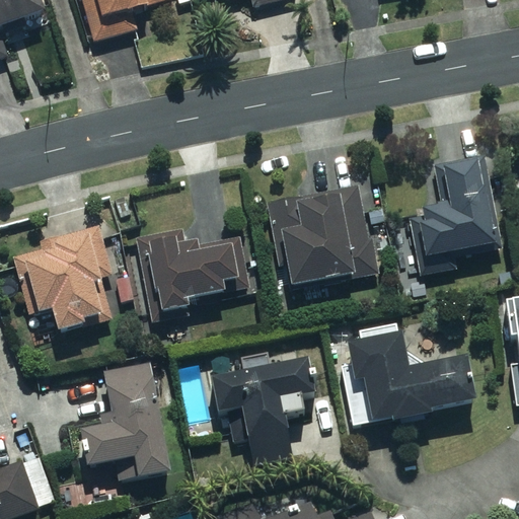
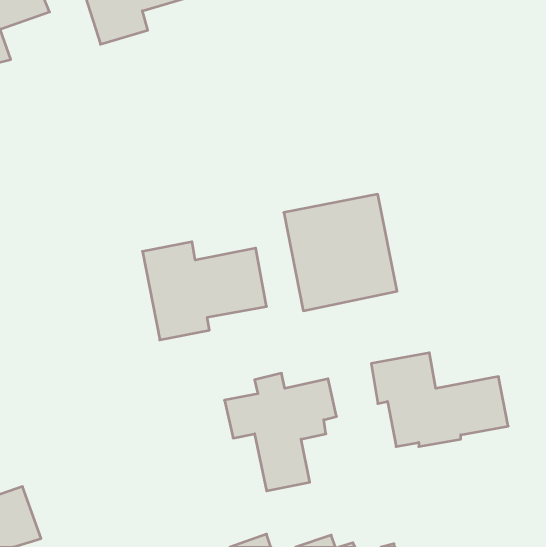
building: [407,153,500,273] -> none
building: [12,223,112,331] -> none
building: [79,363,171,477] -> none

